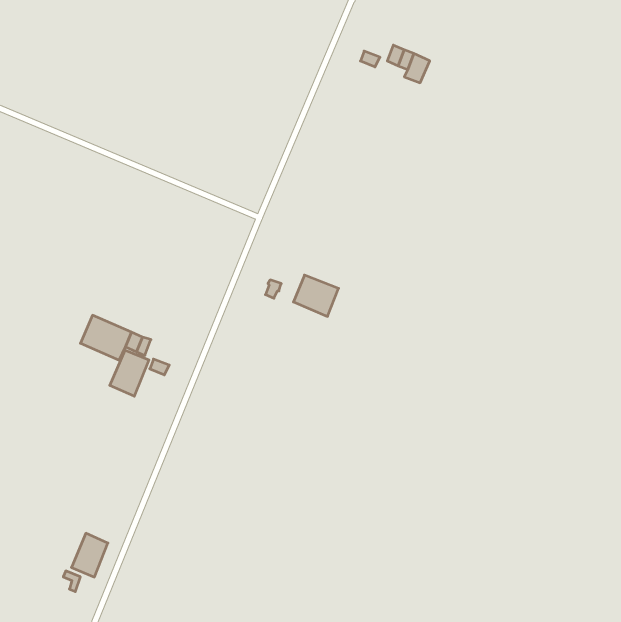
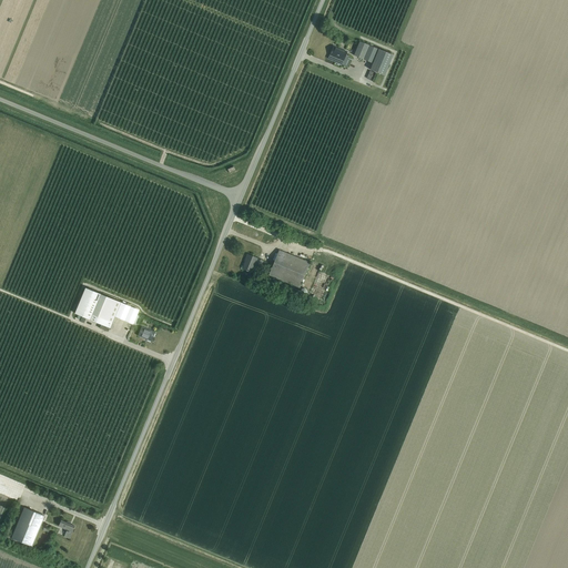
building: [110,350,149,396] -> none
building: [71,533,108,577] -> [10,507,43,547]

